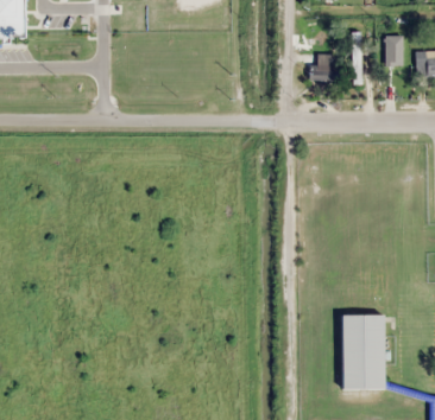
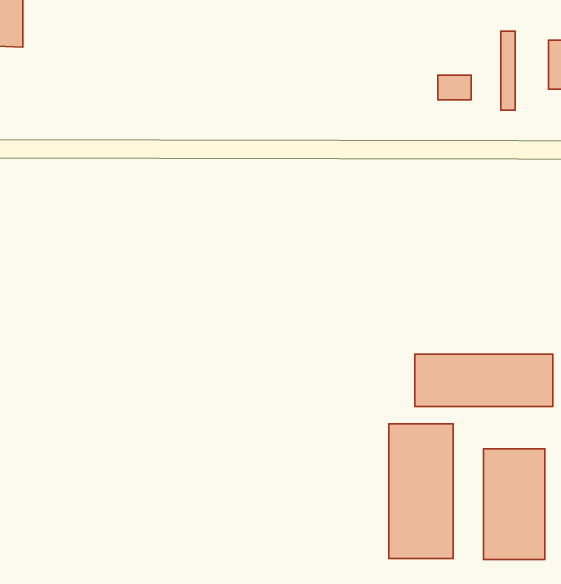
building: none -> [415,354,553,406]
building: none -> [389,424,453,559]

